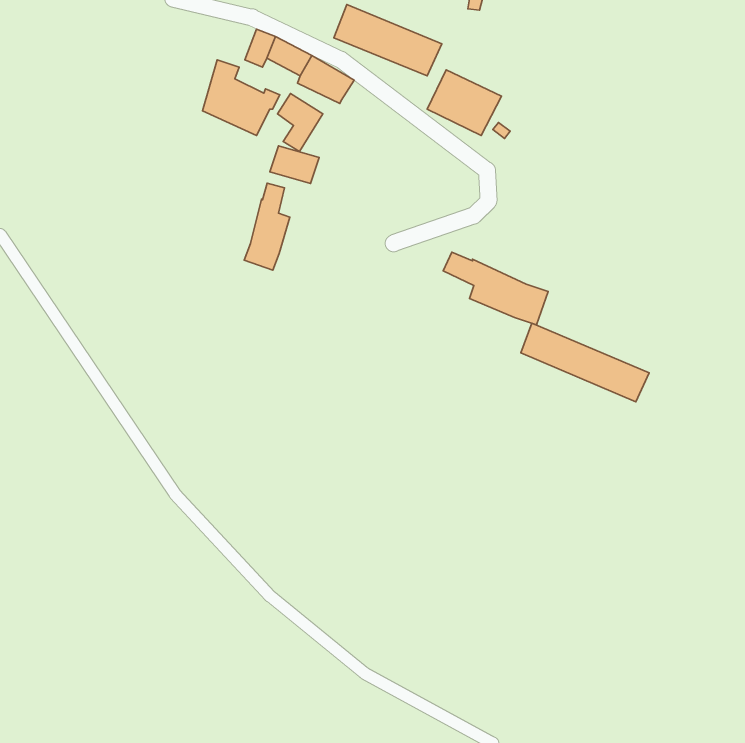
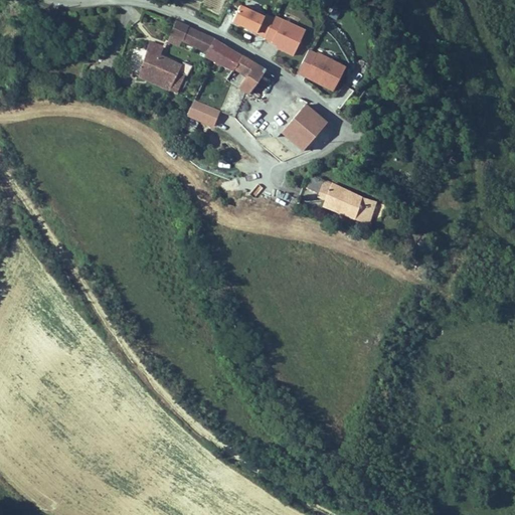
building: [277,93,323,152] -> [235,55,267,96]
building: none -> [280,103,327,153]
building: [244,183,290,270] -> none
building: [521,323,649,402] -> none

